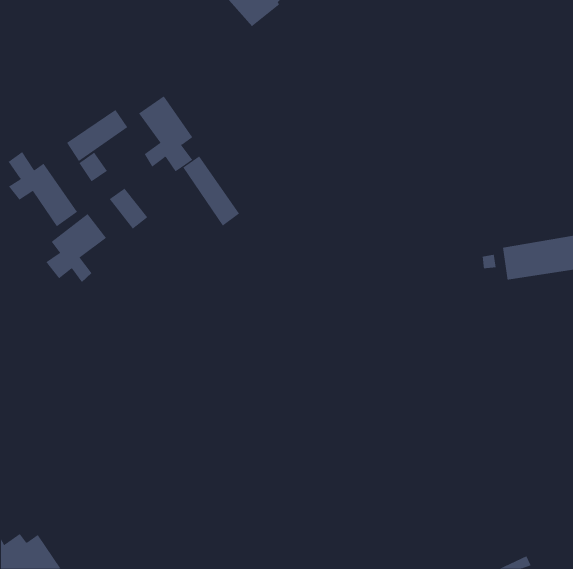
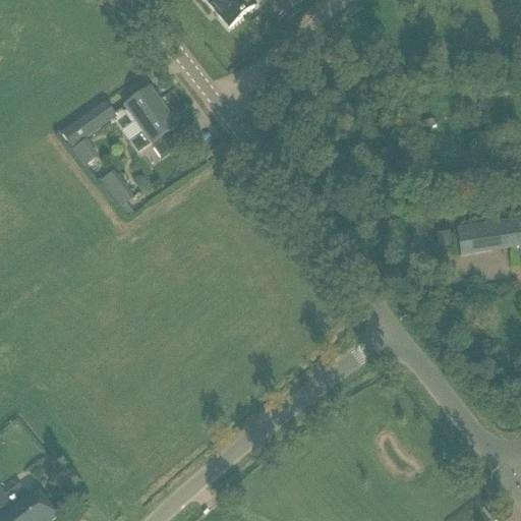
building: [8,151,78,227] -> none
building: [182,156,240,227] -> none
building: [45,213,107,283] -> none

